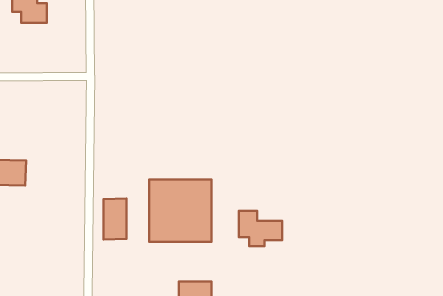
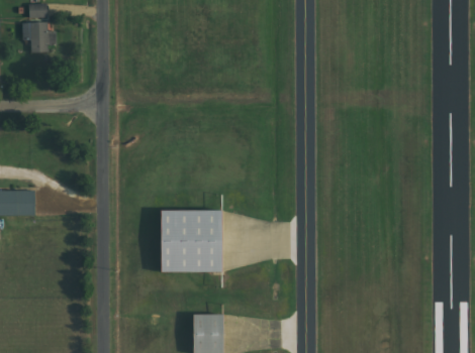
building: [103,199,127,239] -> none
building: [239,211,282,246] -> none

